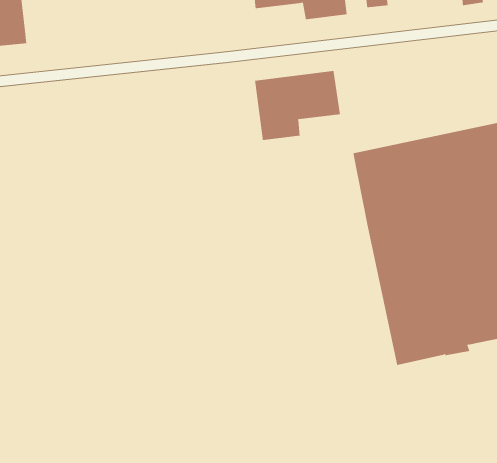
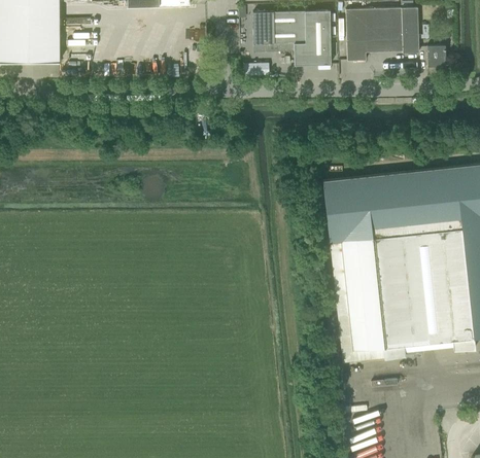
building: [254,70,341,141] -> none

